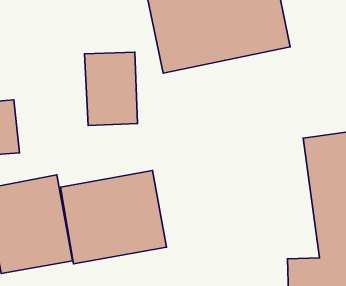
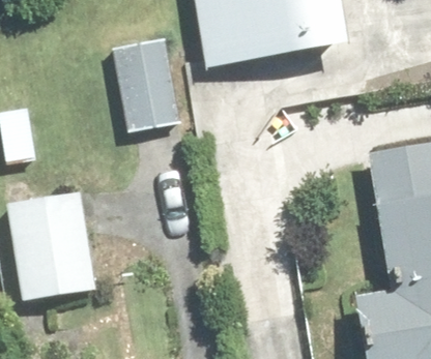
building: [61,171,167,264] -> none

